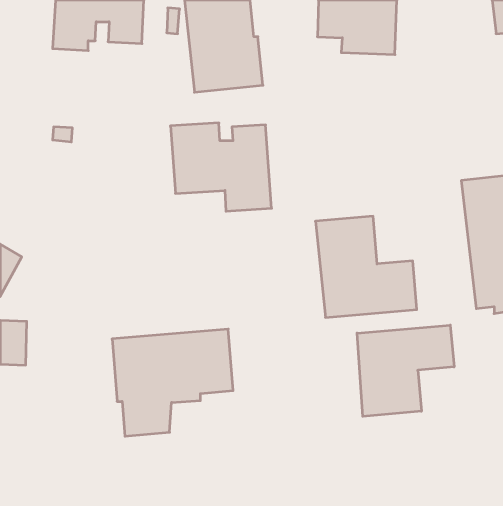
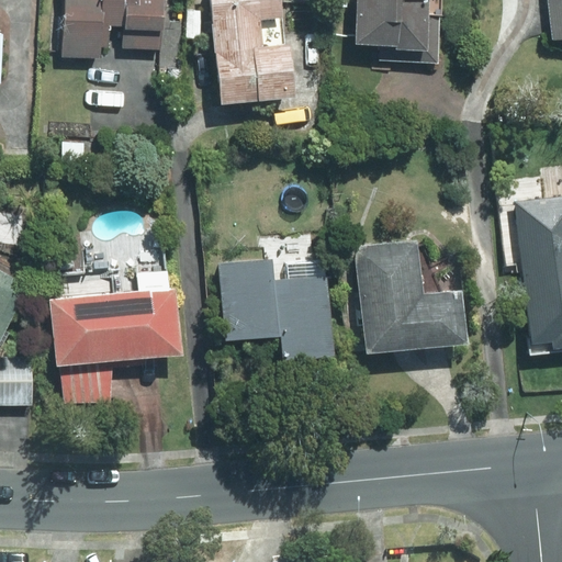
building: [170,123,272,211] -> [217,259,329,357]
building: [357,325,454,416] -> none
building: [112,329,233,436] -> [47,286,181,405]

